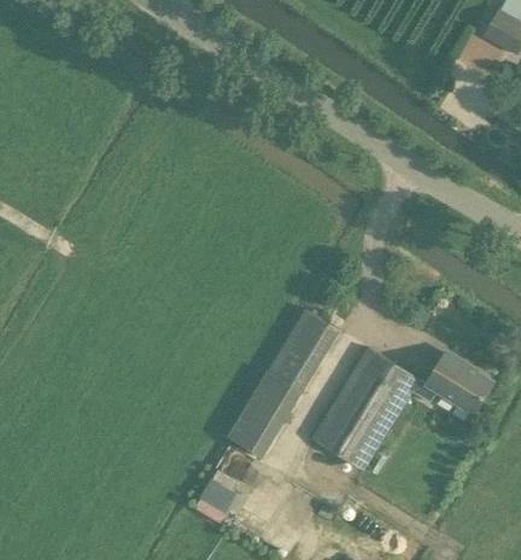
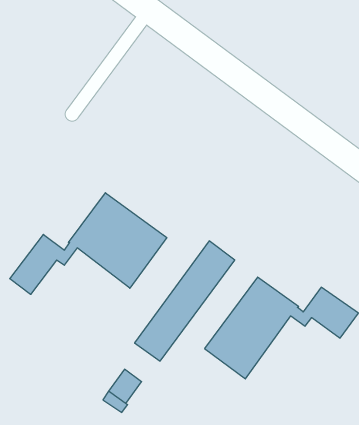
building: none -> [10,193,167,294]

